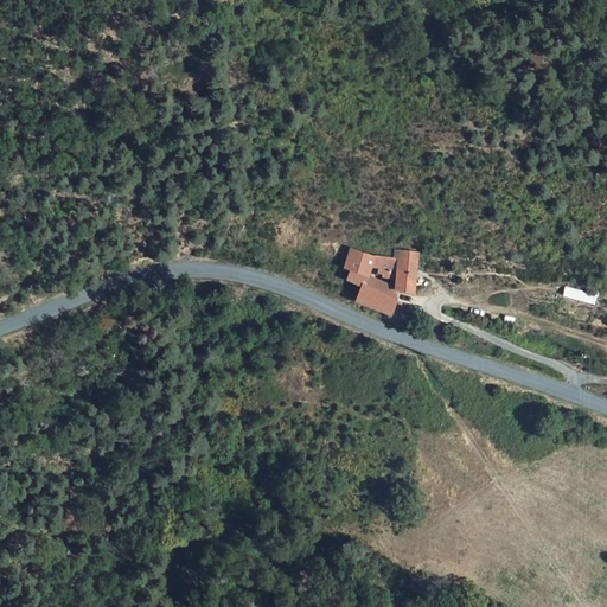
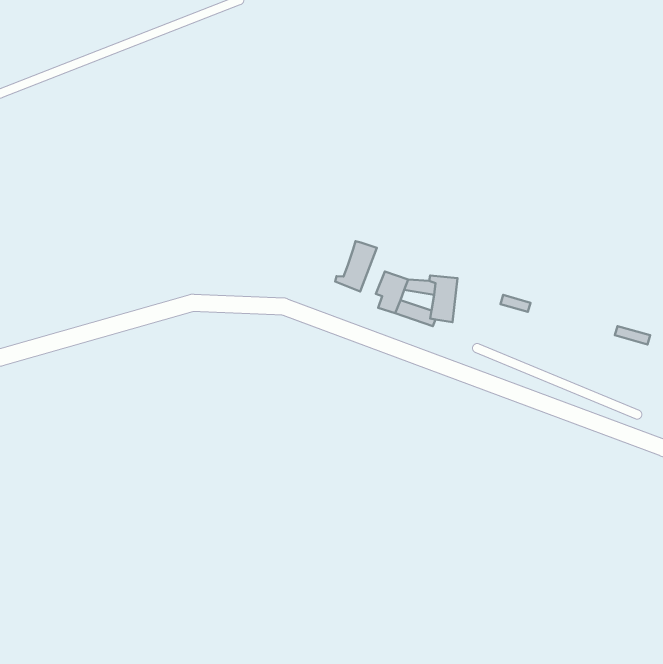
building: none -> [335,241,377,292]
building: [356,286,396,314] -> none

